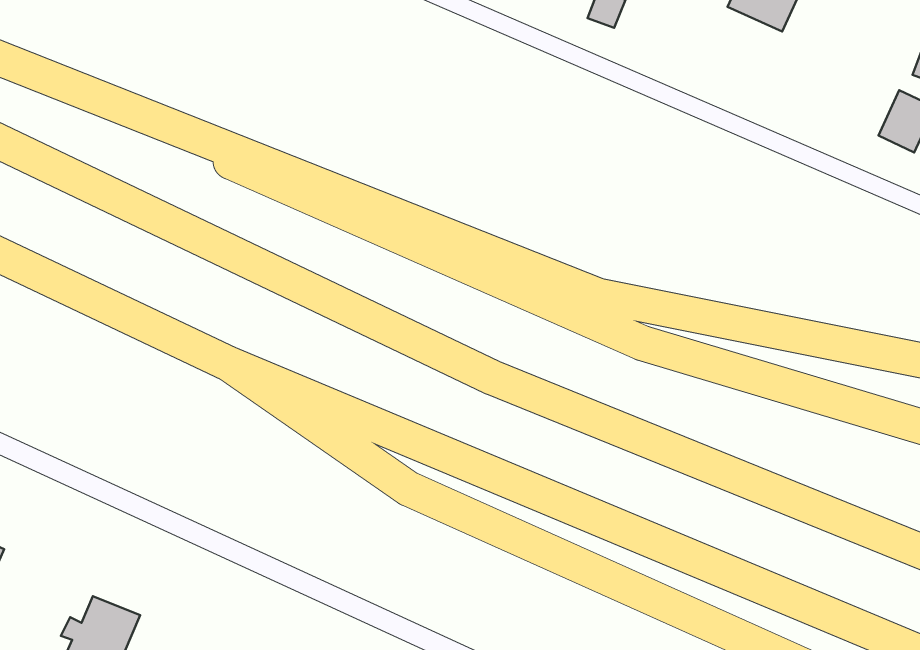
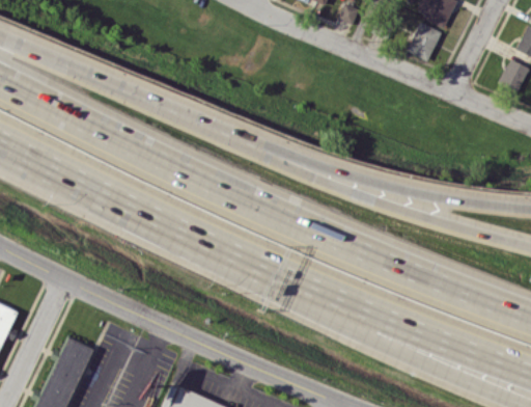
building: none -> [407,23,441,61]

